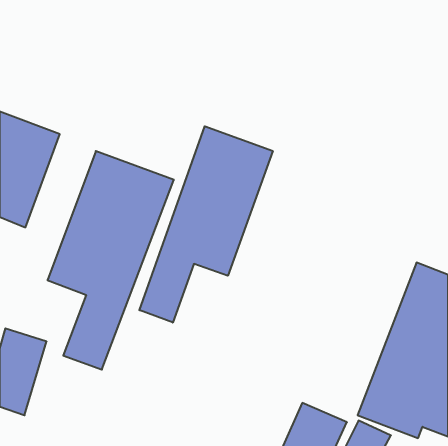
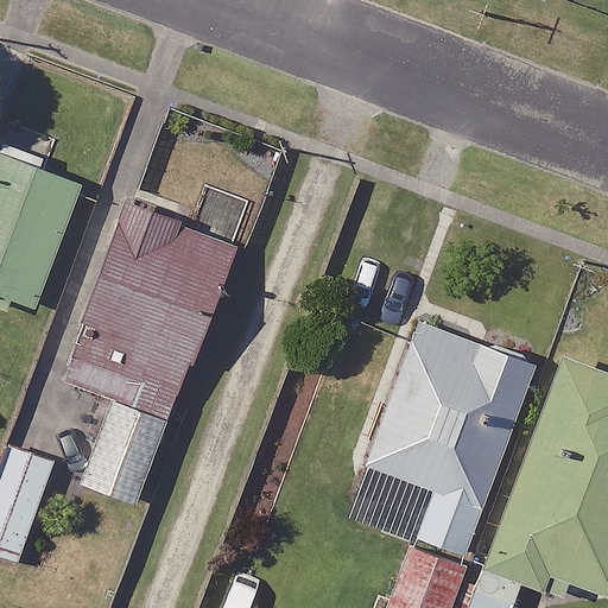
building: [139,126,273,323] -> none
building: none -> [362,319,533,553]

